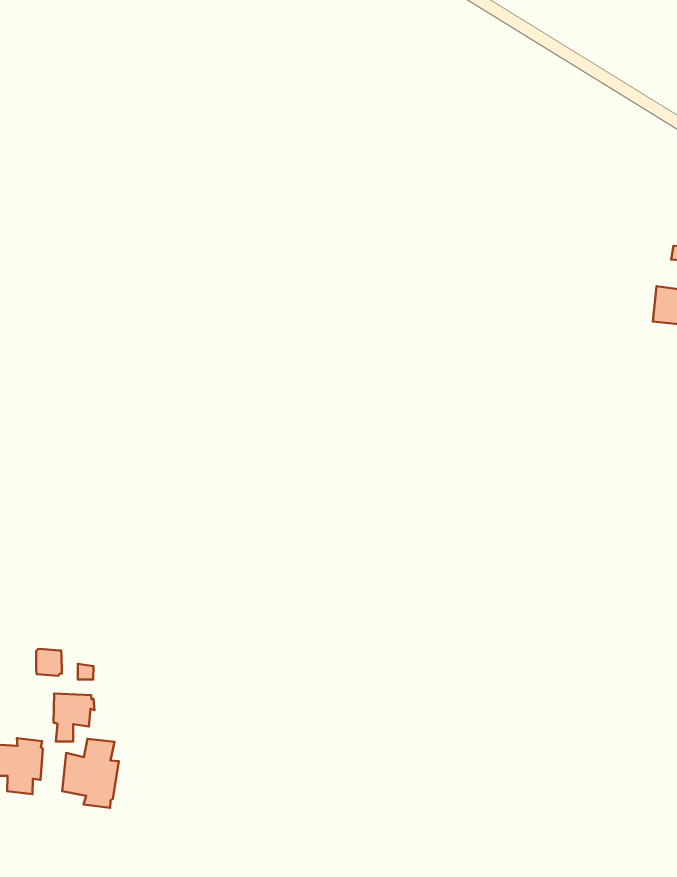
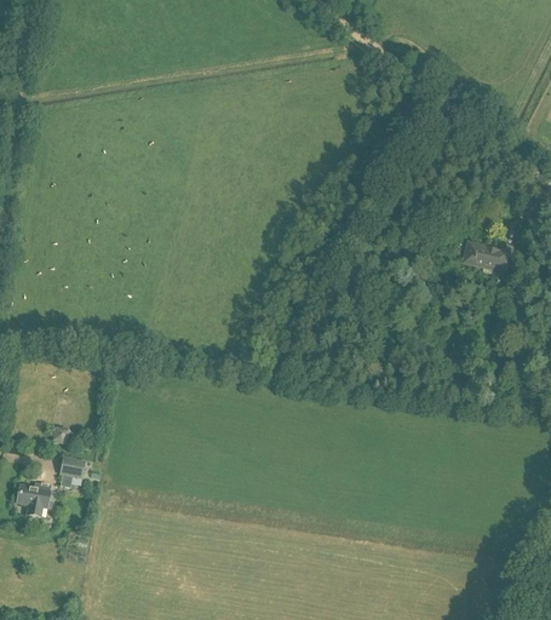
building: [62,739,119,808] -> none

